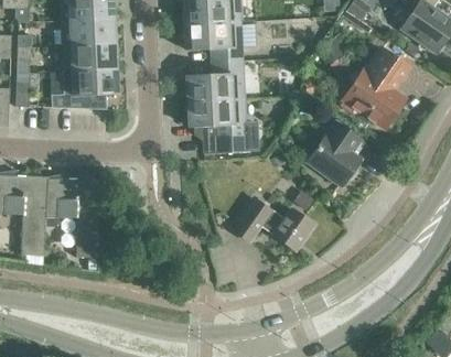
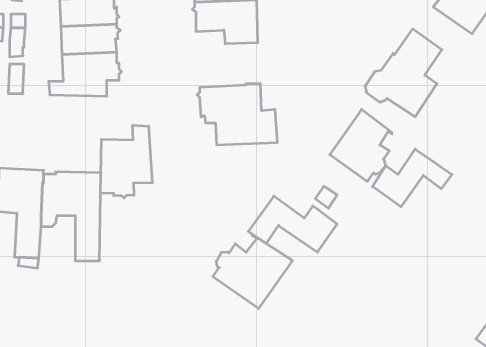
building: [185,60,244,100] -> none
building: none -> [101,125,152,198]
building: none -> [372,149,452,207]
building: none -> [213,235,292,309]

